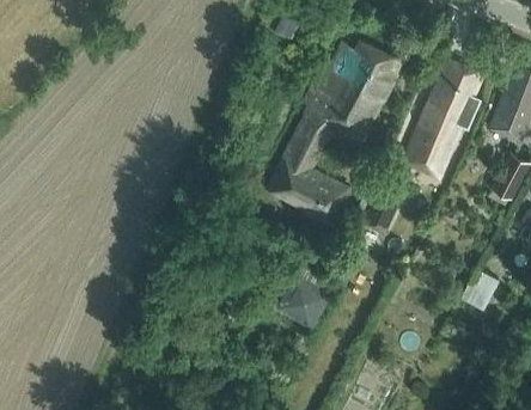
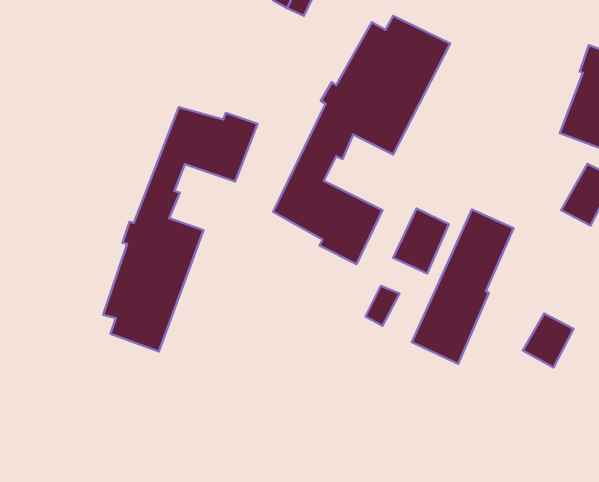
building: [402,61,481,180] -> [412,210,514,364]
building: none -> [103,107,258,351]
building: [275,276,331,333] -> none

